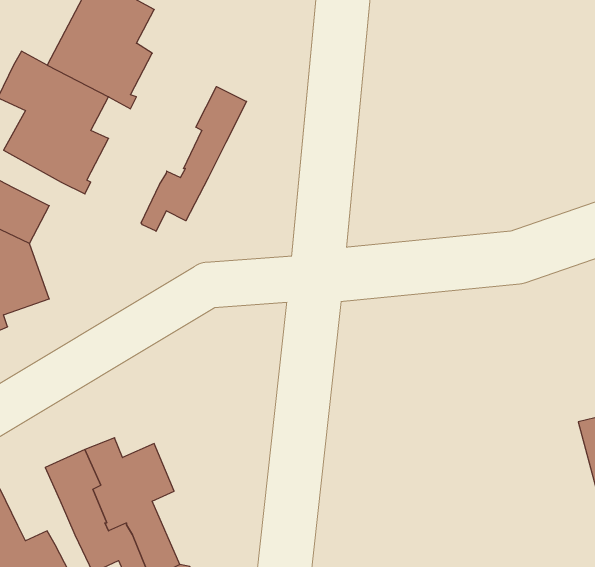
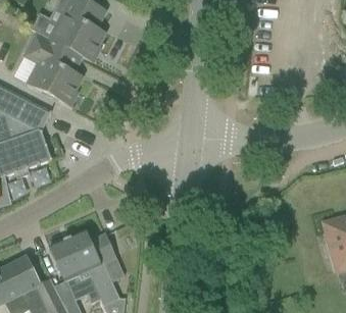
building: [141,87,247,231] -> none

